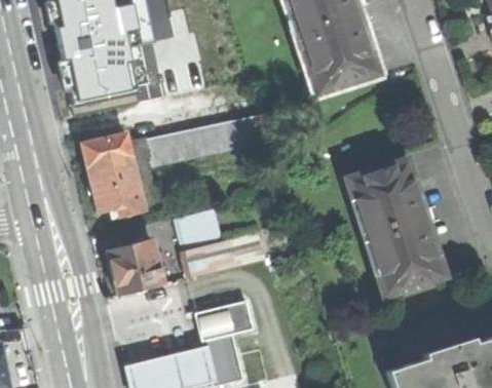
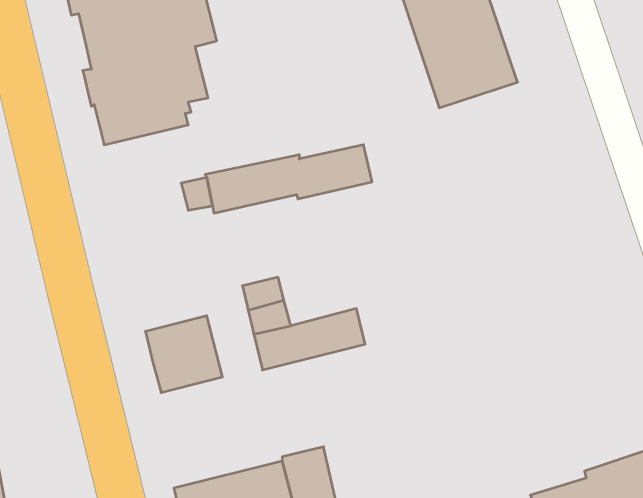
building: [83,133,146,216] -> none
building: [351,160,442,289] -> none
building: [199,299,258,341] -> none

